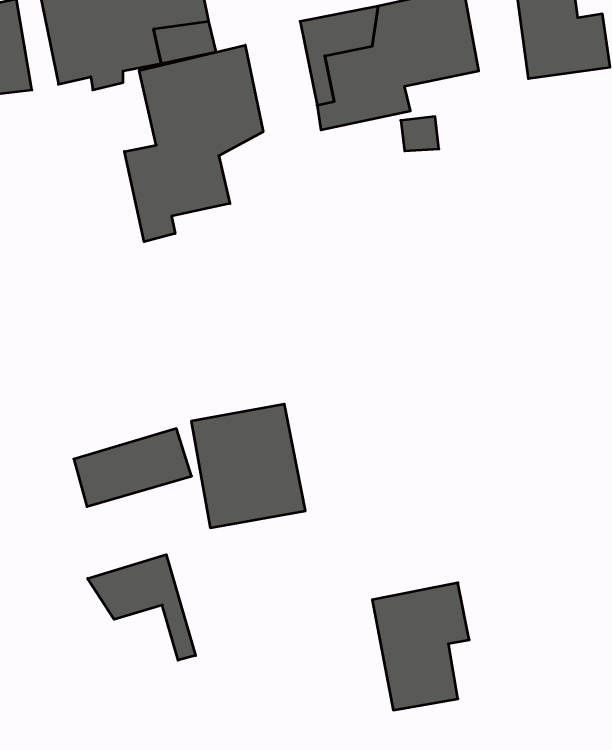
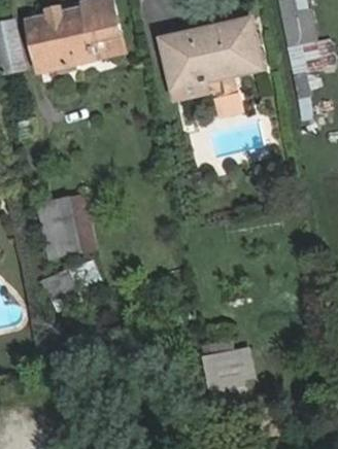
building: [124,45,263,242] -> none
building: [191,404,305,528] -> [36,192,98,258]
building: [88,555,196,660] -> none

